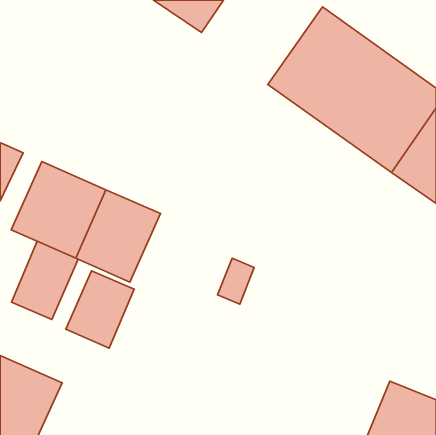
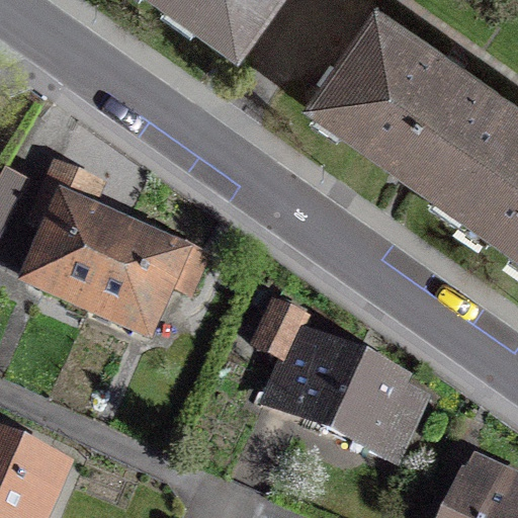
building: [11,241,78,319] -> none
building: [66,271,134,348] -> none
building: none -> [275,347,426,464]

